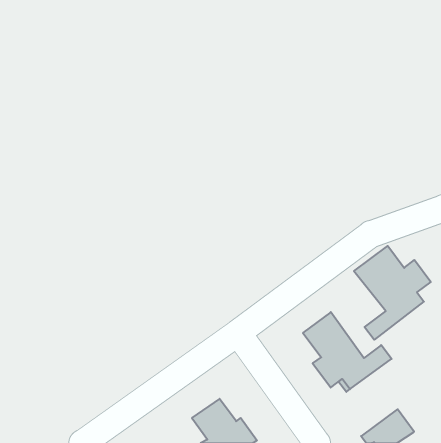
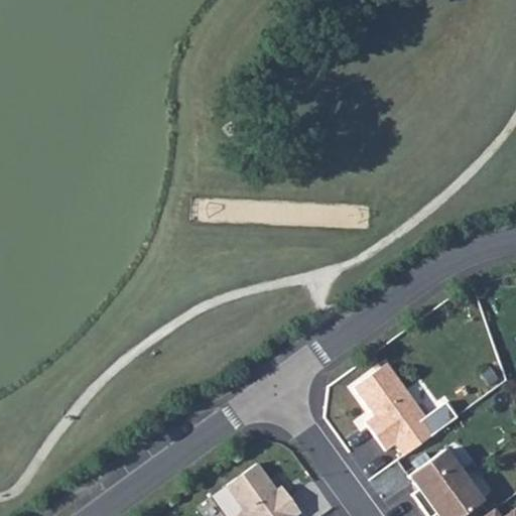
building: [354,246,431,340] -> none
building: none -> [409,449,465,507]

